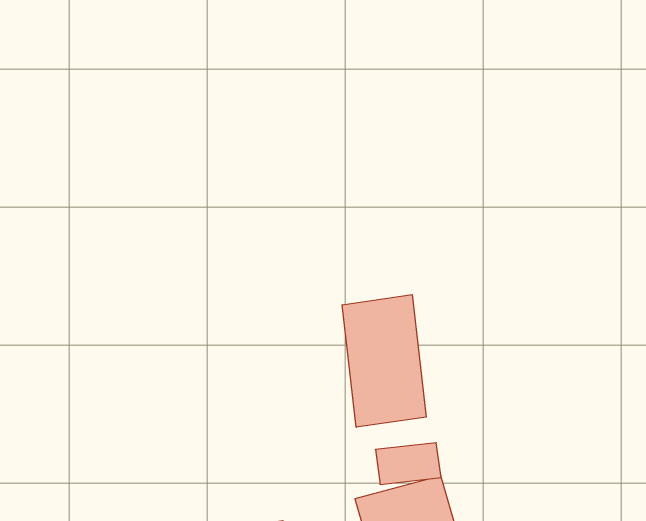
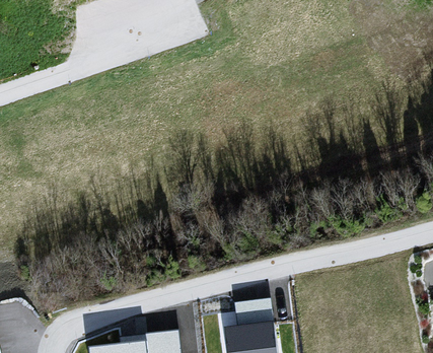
building: [342,295,426,427] -> none

